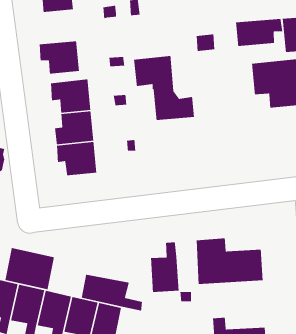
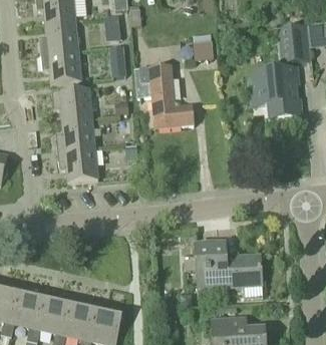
building: none -> [39,20,78,53]
building: [235,18,283,47] -> none
building: [150,242,179,293] -> none
building: [4,247,55,290] -> none
building: [81,274,143,311] -> none

